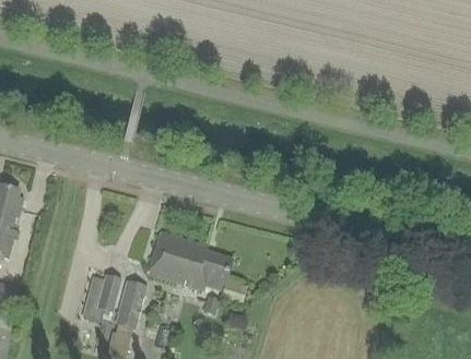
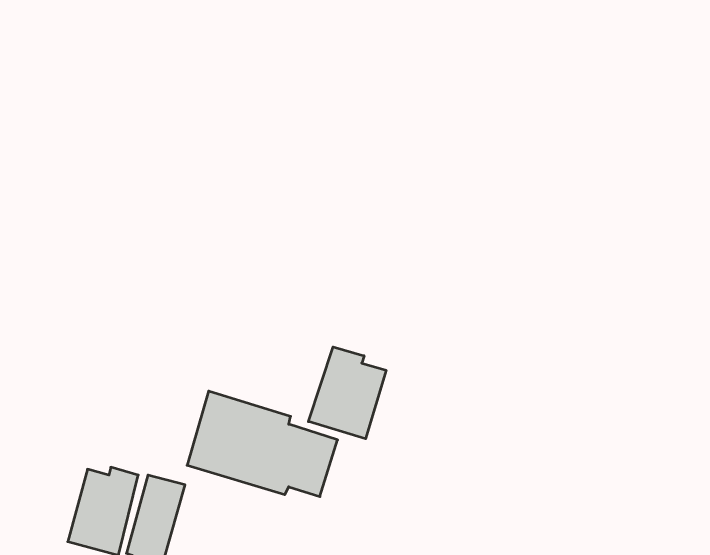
building: none -> [308,347,386,439]

